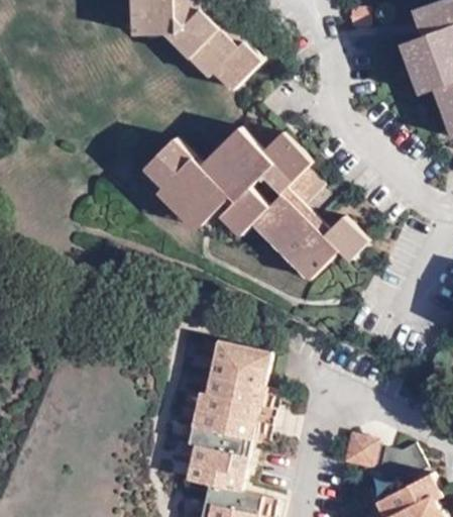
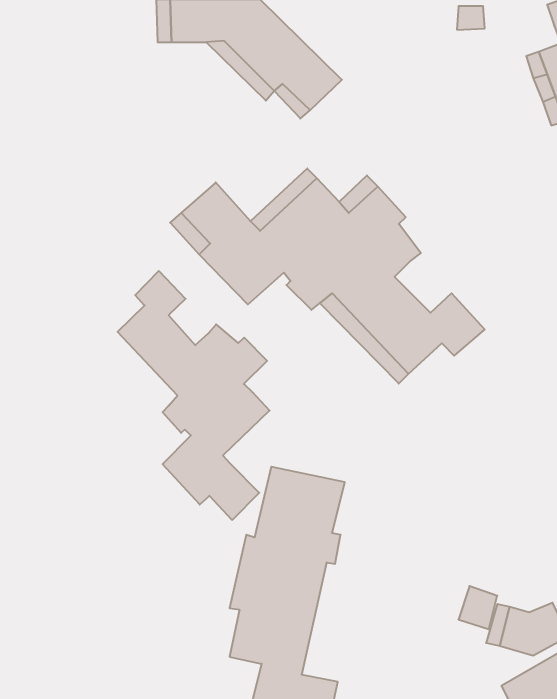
building: none -> [118,271,270,520]

